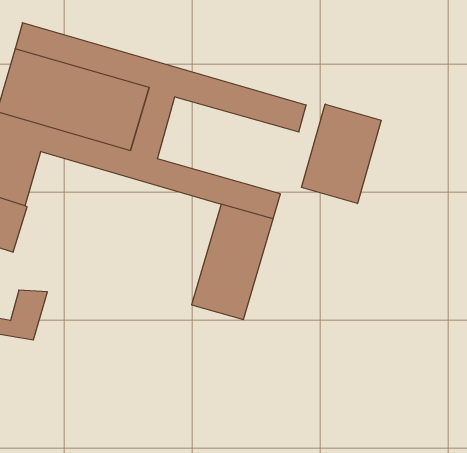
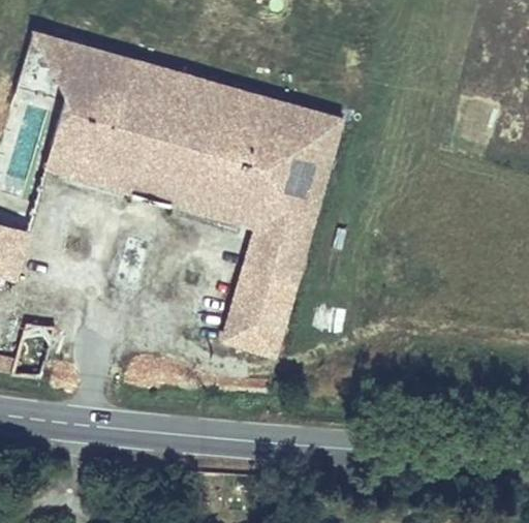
building: none -> [178,110,336,218]
building: [302,104,381,204] -> none

